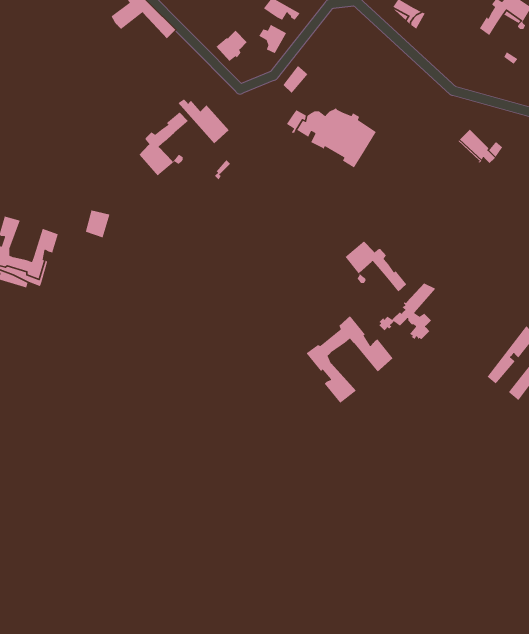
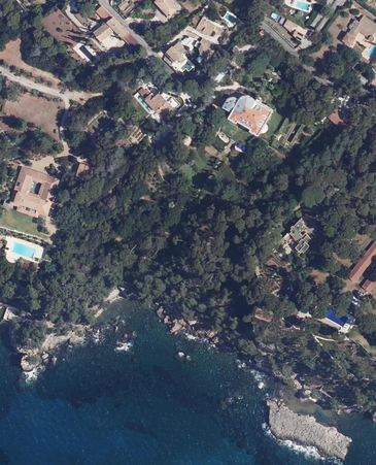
building: [138,111,189,176] -> none
building: [344,241,407,292] -> none
building: [305,315,394,404] -> none

